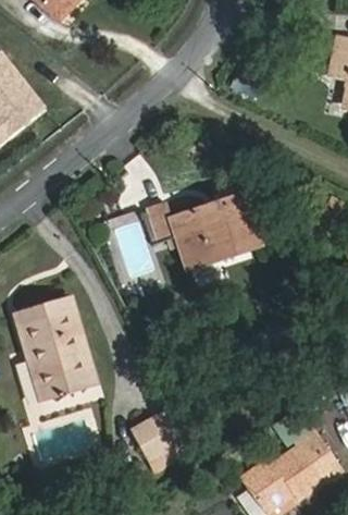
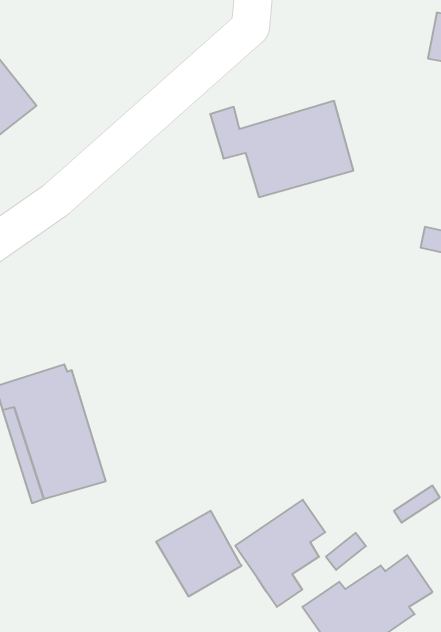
building: [150,195,256,266] -> [210,101,353,197]
building: none -> [235,500,325,607]

